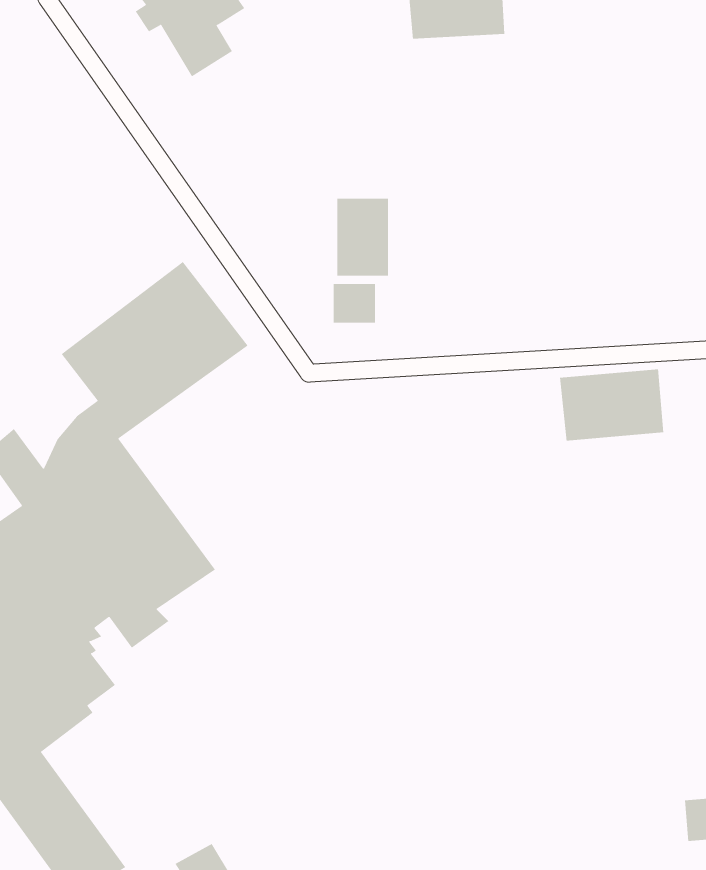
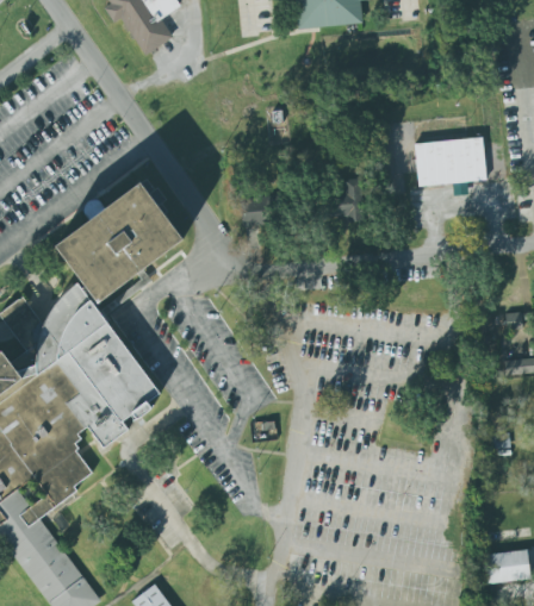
building: [337,198,388,277] -> none
building: none -> [330,179,360,219]
building: [559,369,664,441] -> [414,136,486,186]

